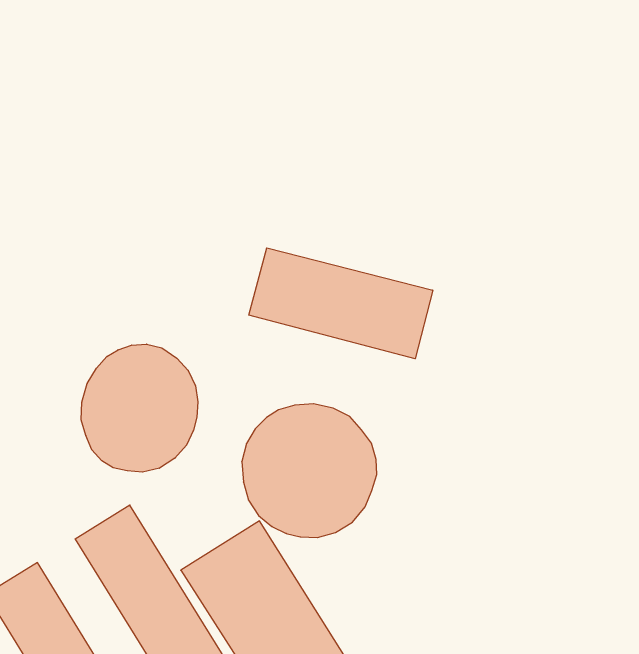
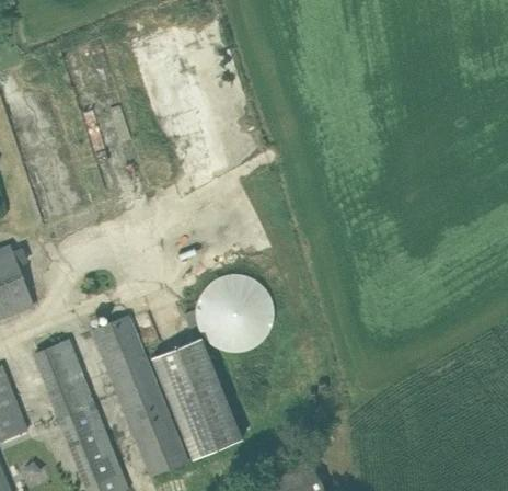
building: [249,248,433,359] -> none
building: [81,344,198,472] -> none

